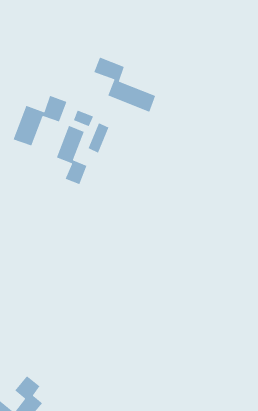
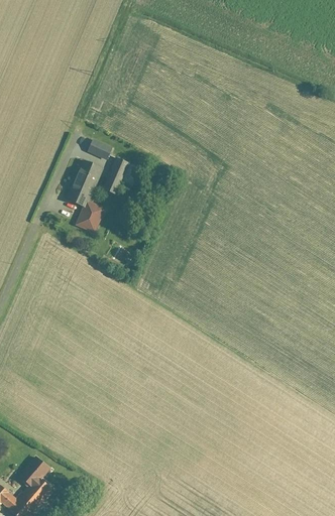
building: [93,57,156,113] -> none
building: [12,95,67,147] -> none

